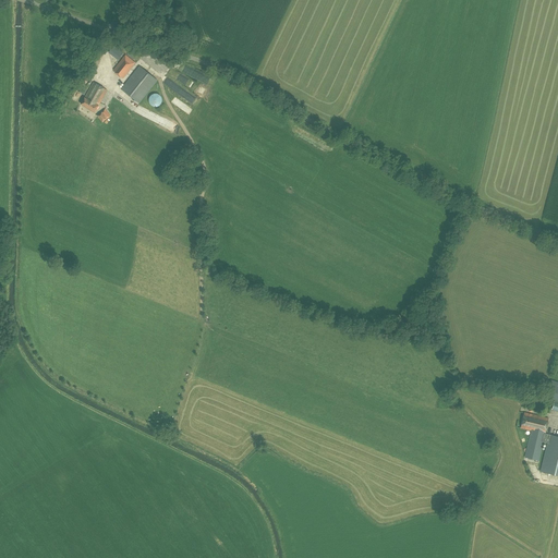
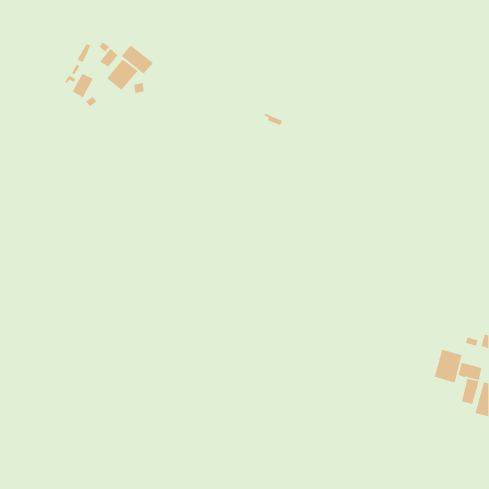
building: none -> [121,45,154,75]
building: none -> [434,349,462,384]

